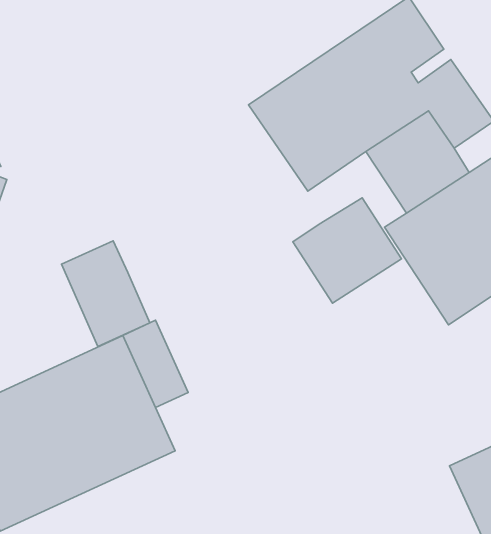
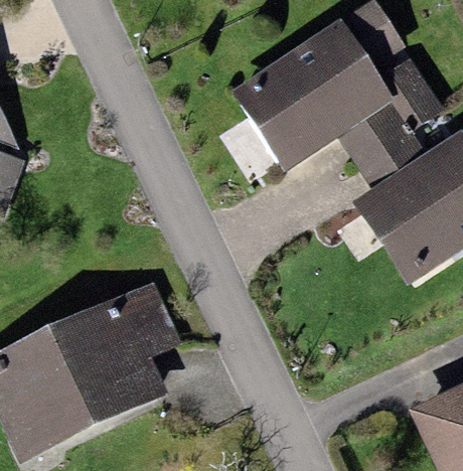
building: [293,198,402,303] -> none
building: [61,241,150,346] -> none

